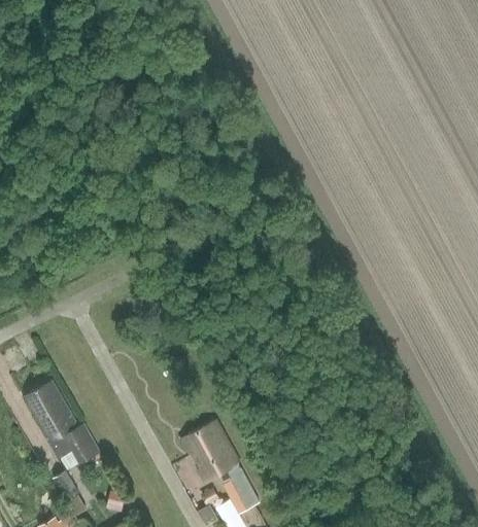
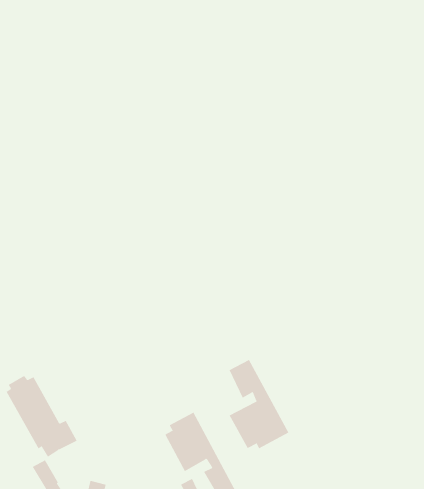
building: none -> [229,359,289,449]

